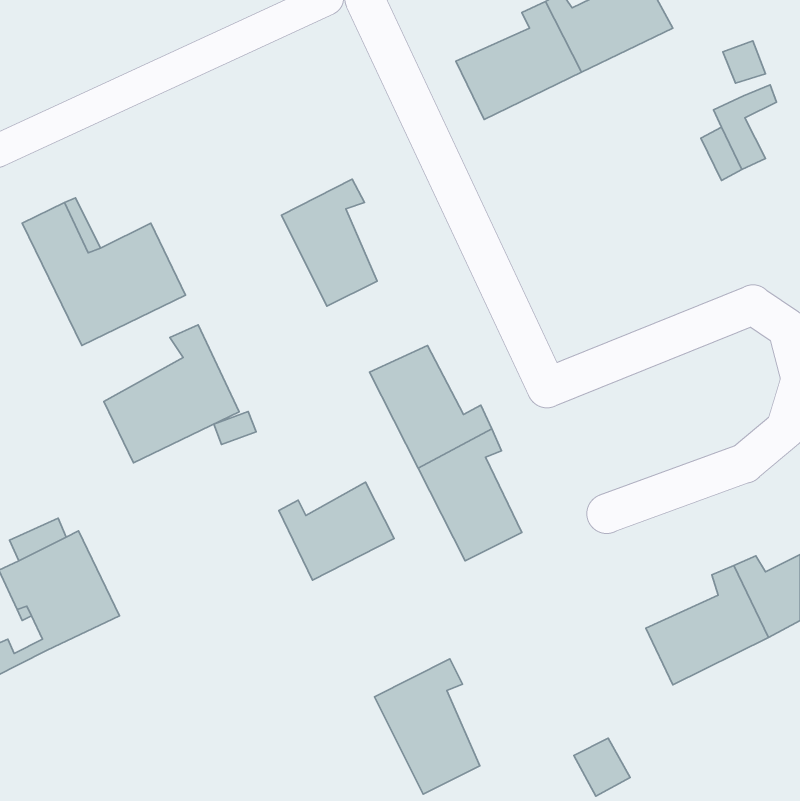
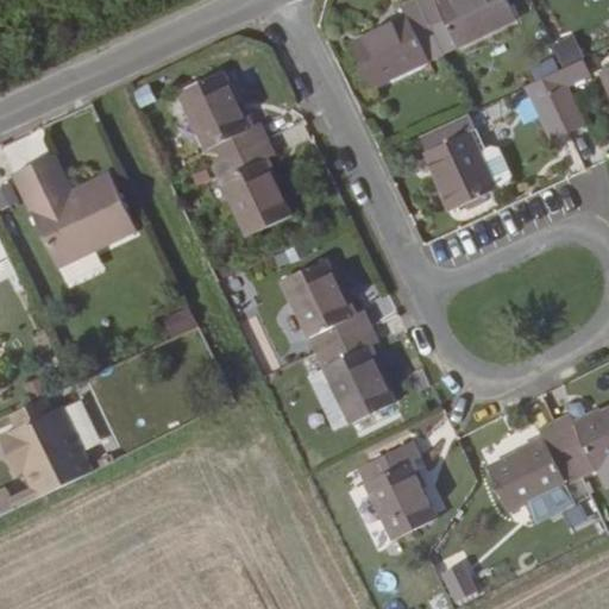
building: none -> [177,68,266,163]
building: none -> [420,124,494,213]
building: [104,325,239,463] -> none
building: [279,482,394,580] -> none
building: [374,659,480,794] -> [358,441,438,544]

